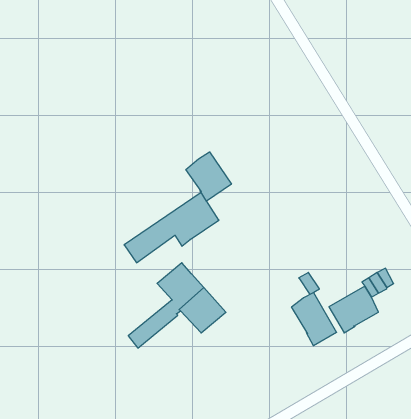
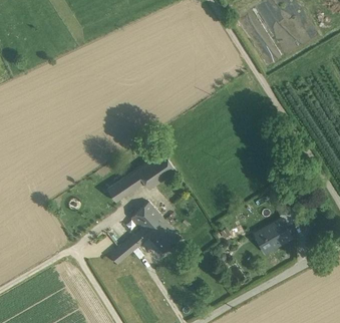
building: [186,152,231,201] -> none
building: [292,293,337,346] -> none

